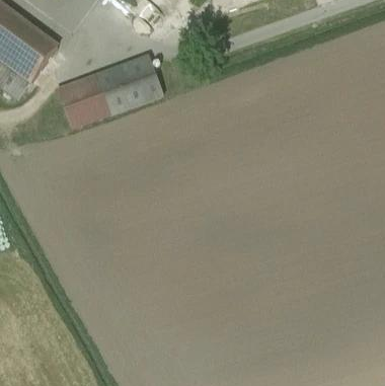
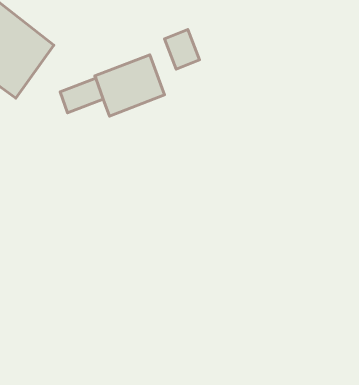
building: none -> [165,29,199,69]
building: [68,97,108,127] -> none

